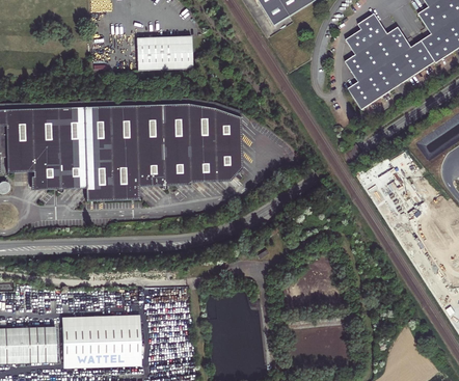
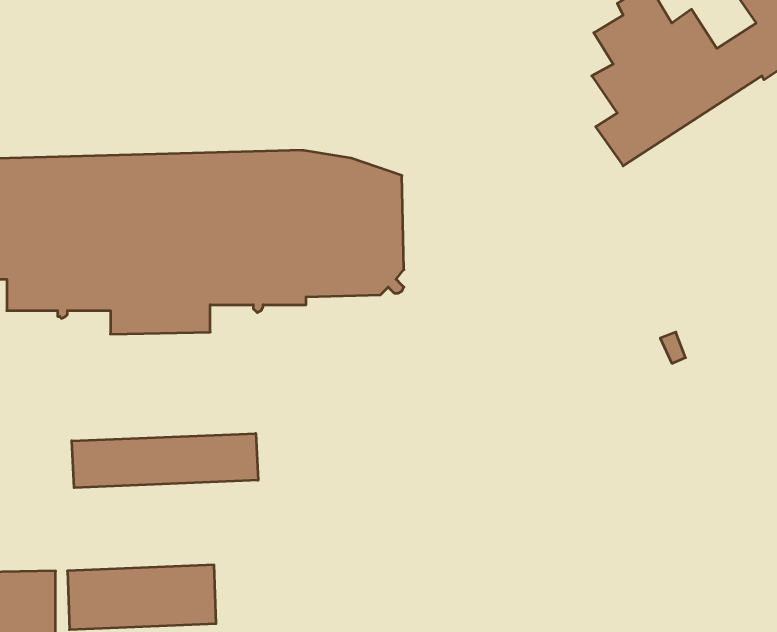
building: [134,30,190,64] -> none
building: none -> [72,433,258,488]

